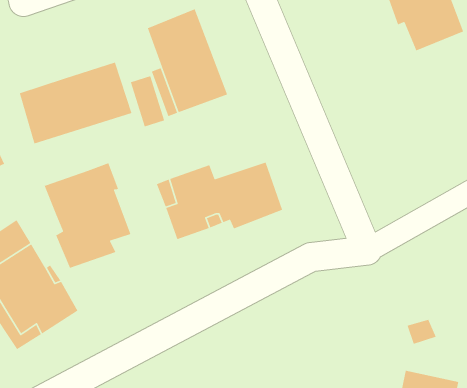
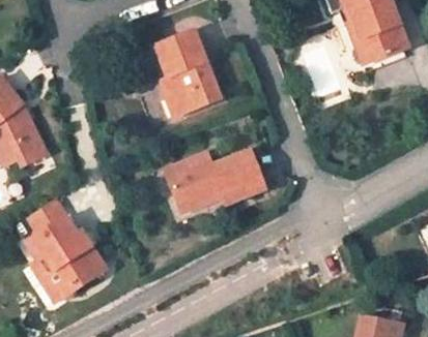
building: [19,62,132,145] -> none
building: [43,162,131,269] -> none

